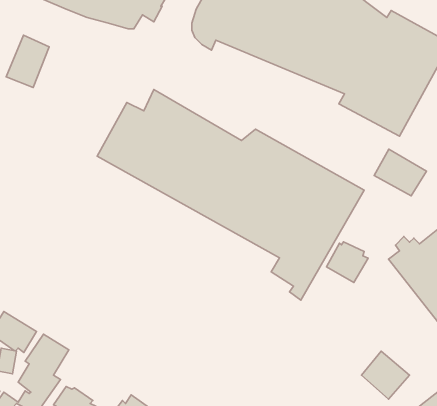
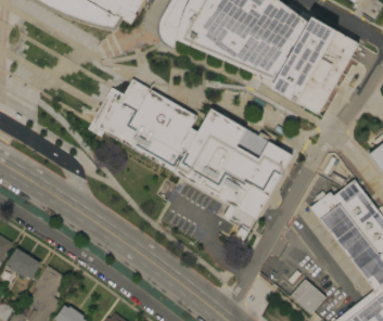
building: [6,35,49,88] -> none
building: [374,149,427,196] -> none
building: [327,242,368,282] -> none

